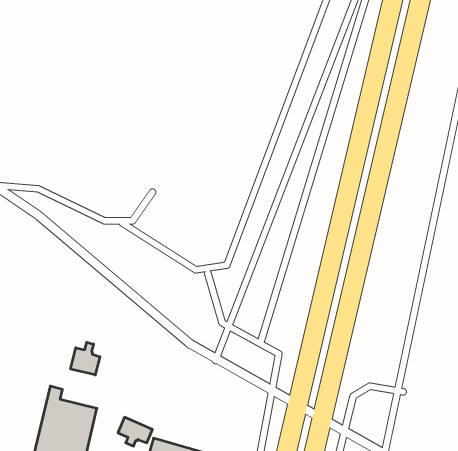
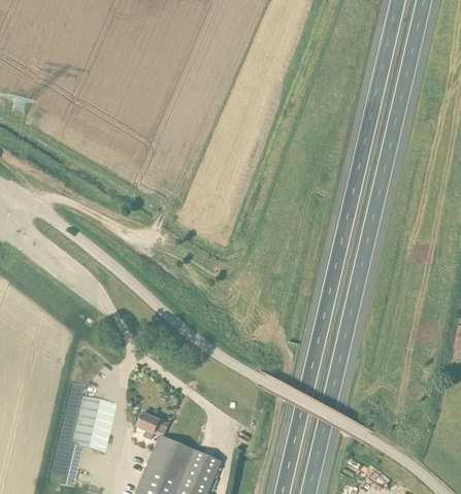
building: [71,342,100,375] -> none

